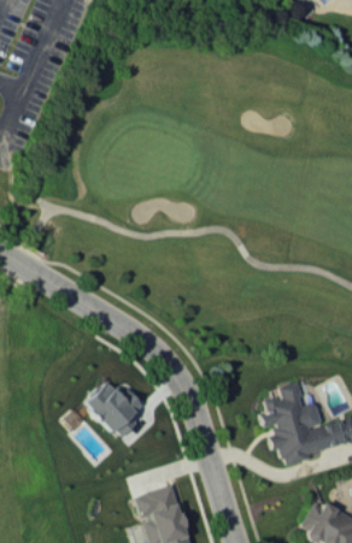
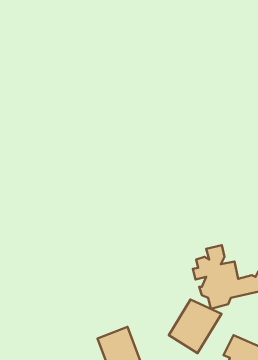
building: [82,384,137,432] -> none
building: none -> [169,299,222,353]

